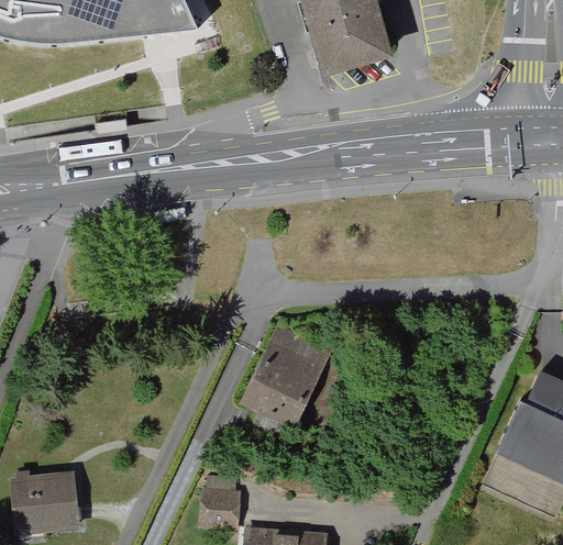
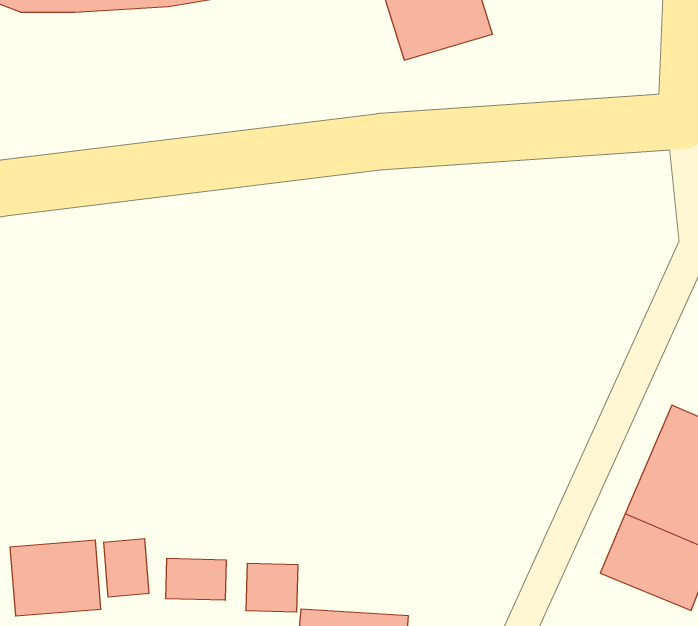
building: [241,319,334,425] -> none
building: none -> [104,539,149,597]
building: none -> [166,558,226,600]

